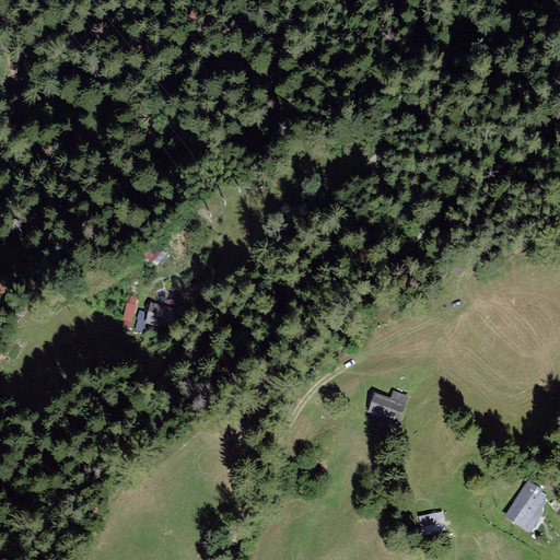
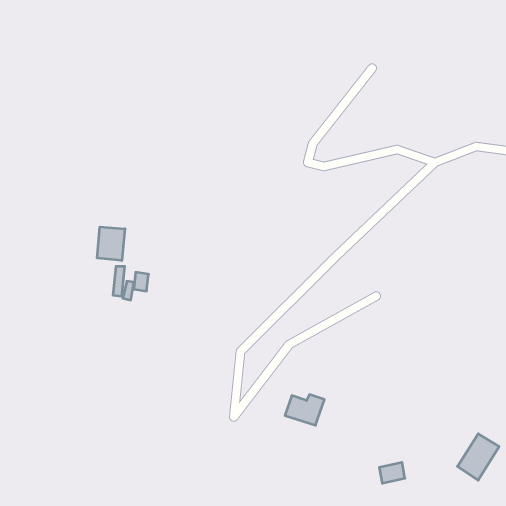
building: none -> [97,227,125,261]
building: [365,393,409,427] -> [285,395,324,425]

